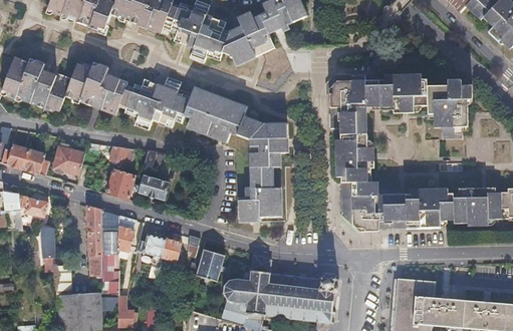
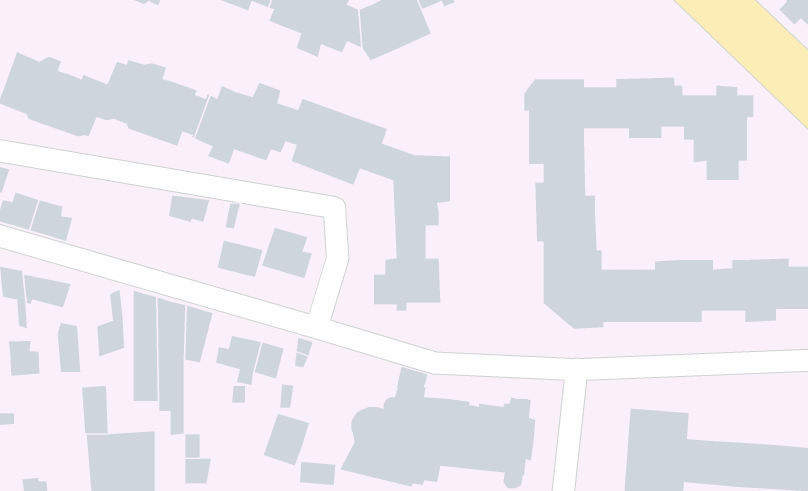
building: [53,146,86,175] -> none
building: [107,169,140,201] -> [261,227,313,279]
building: none -> [97,289,125,357]
building: none -> [8,340,40,376]
building: [196,247,225,280] -> [263,413,310,466]

